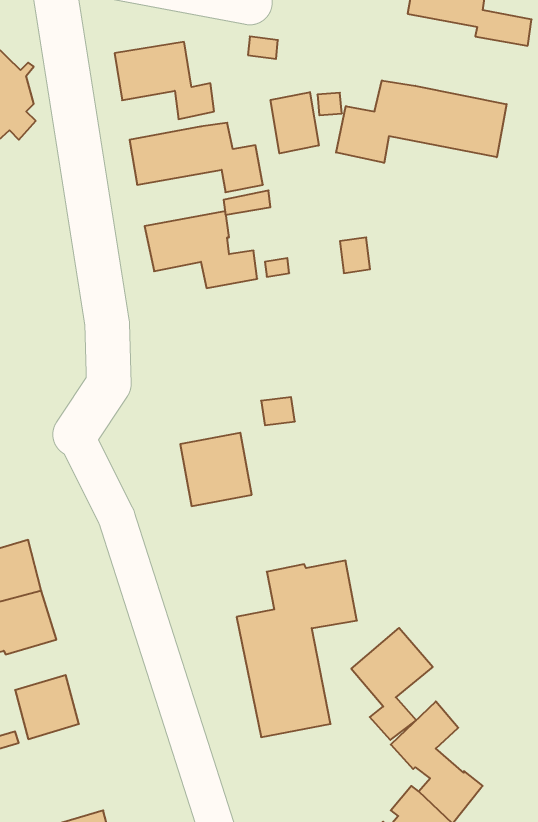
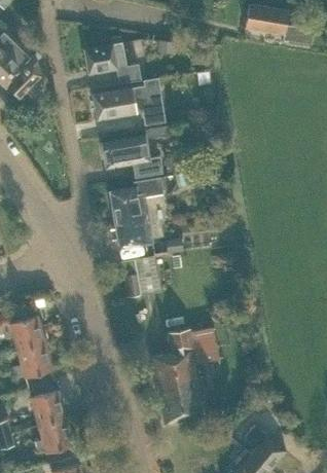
building: [336,80,507,163] -> none
building: [271,92,319,153] -> none
building: none -> [111,177,165,248]
building: [351,628,433,740] -> none
building: none -> [38,416,73,451]

